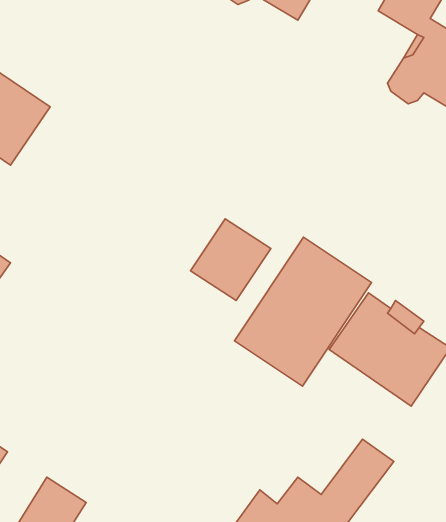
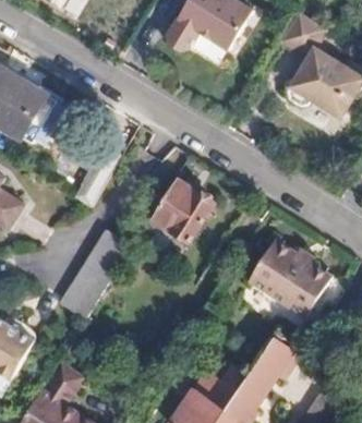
building: [235,237,372,386] -> none
building: none -> [56,232,126,322]

